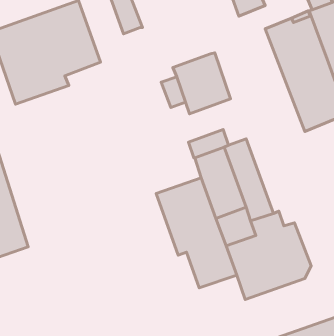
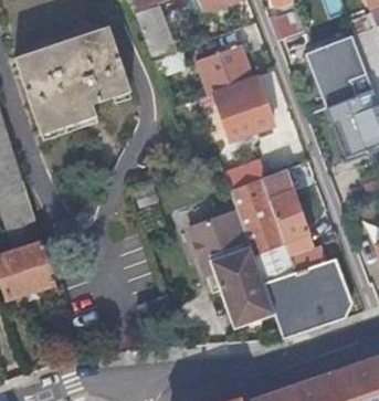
building: none -> [191,46,248,96]

